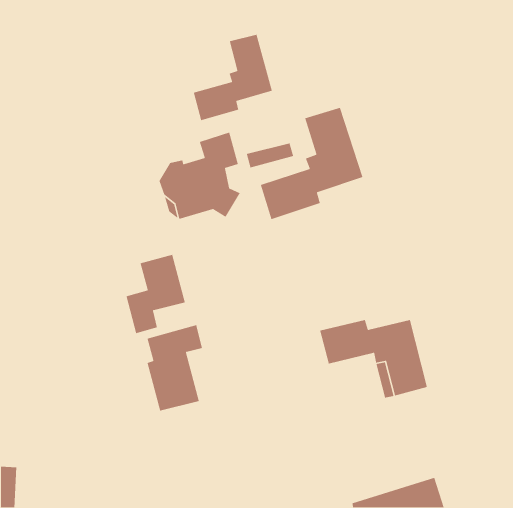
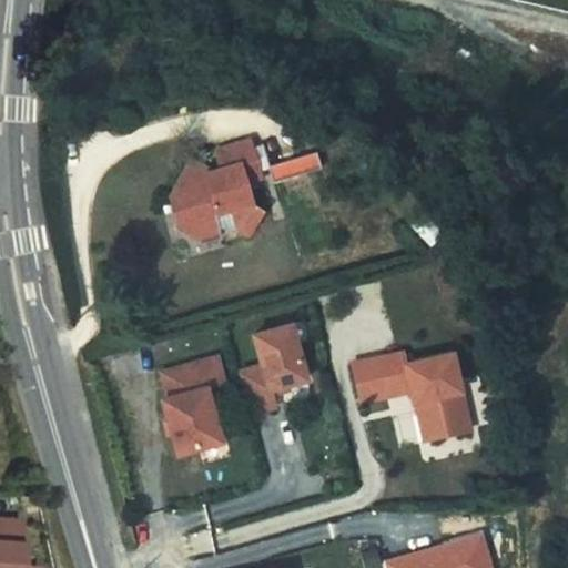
building: [193,34,273,121] -> none
building: [260,107,363,220] -> none
building: [126,254,186,334] -> [240,327,306,416]

